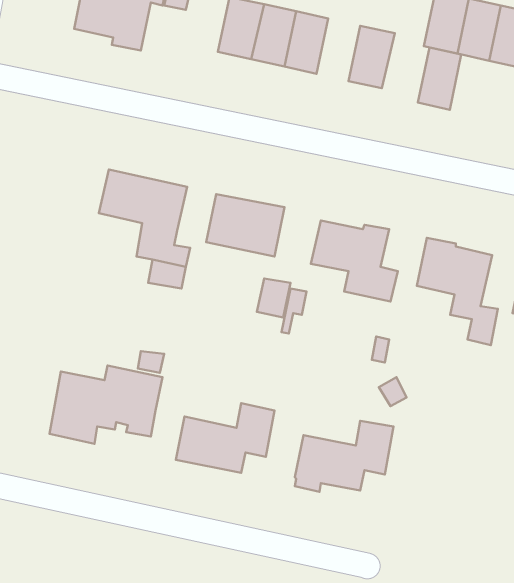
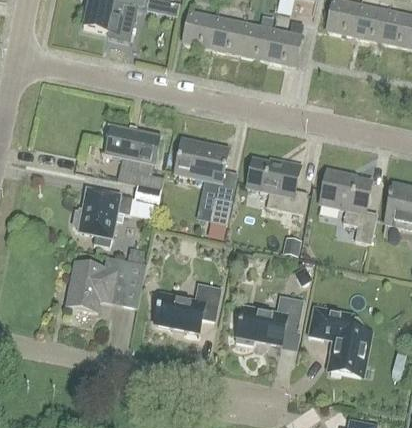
building: [418,47,461,110] -> [250,18,280,61]
building: none -> [73,188,132,246]
building: none -> [307,305,368,374]

